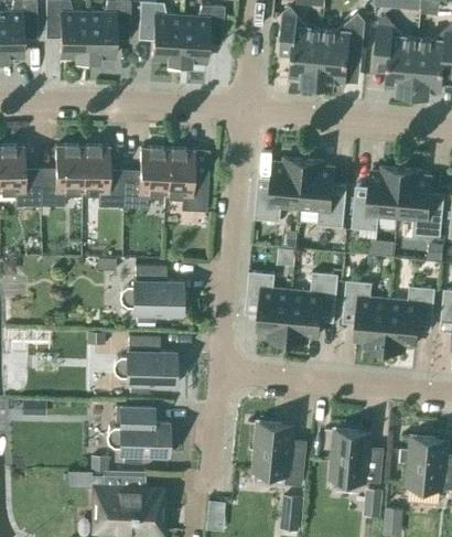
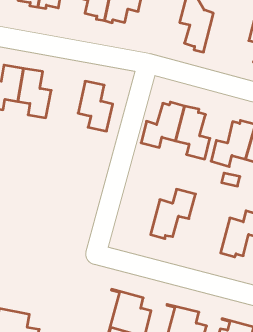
building: [318,13,365,87] -> none
building: [122,149,166,208] -> none
building: [120,266,182,322] -> none
building: [246,272,292,340] -> none
building: [344,281,389,348] -> none
building: [114,335,175,393] -> none
building: [107,406,169,463] -> none

